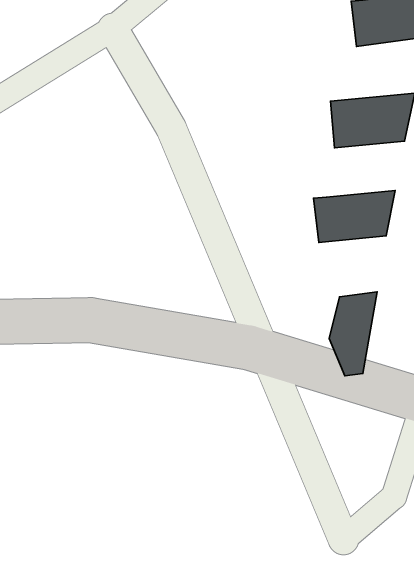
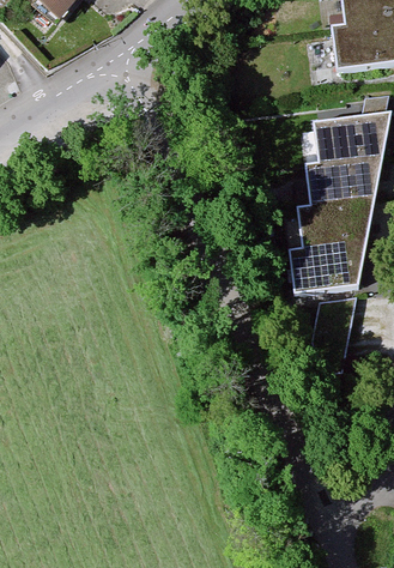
building: none -> [308,155,383,206]
building: none -> [292,242,366,289]

